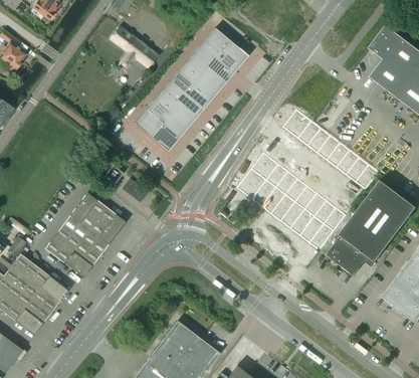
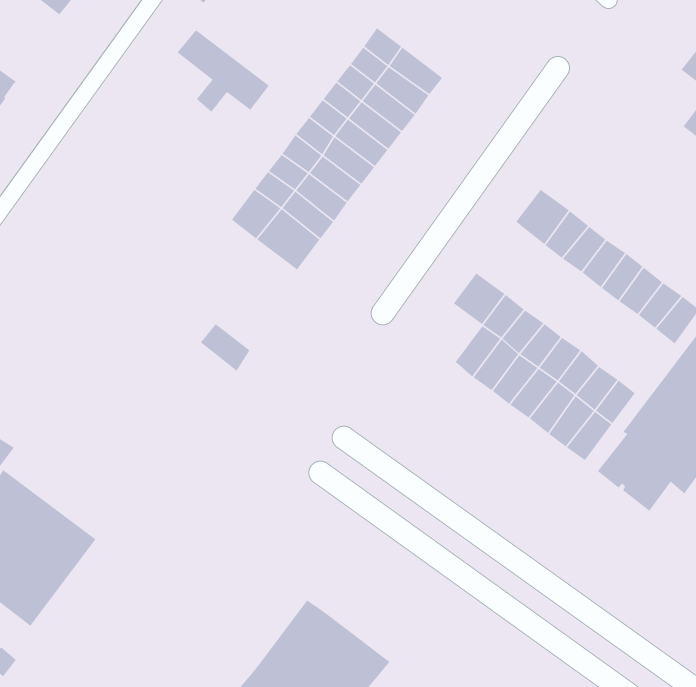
building: [237,168,266,198] -> none
building: [44,192,125,277] -> none

